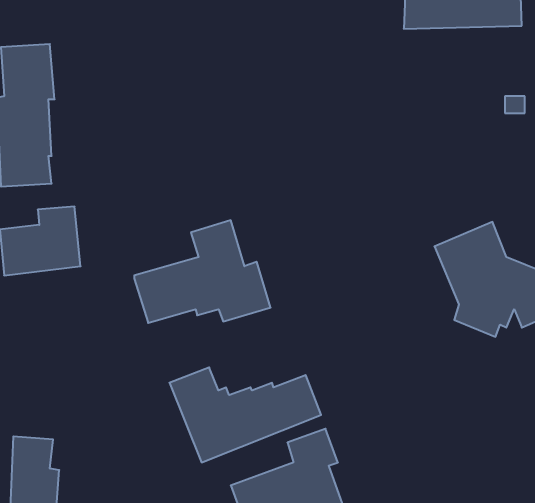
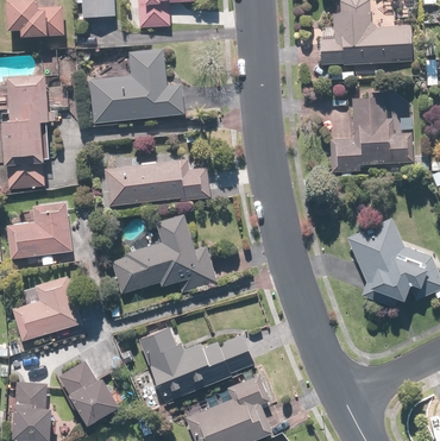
building: none -> [89,49,184,125]
building: none -> [331,97,413,171]
building: none -> [105,159,212,207]
building: none -> [12,276,82,340]
building: none -> [56,360,120,426]

